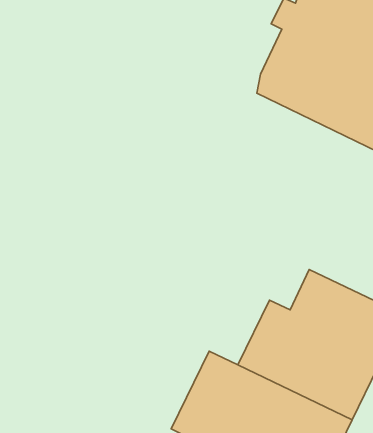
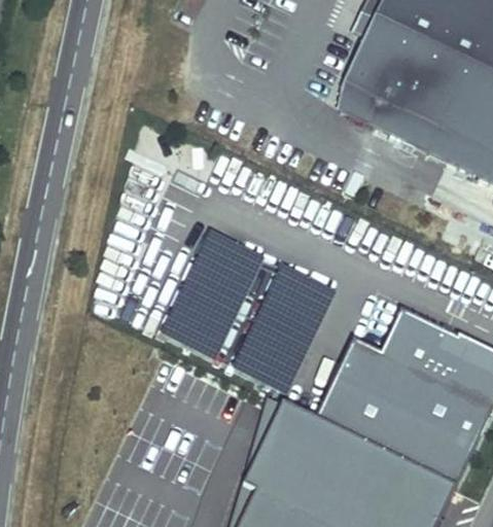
building: none -> [160,232,265,361]
building: none -> [231,266,336,396]

